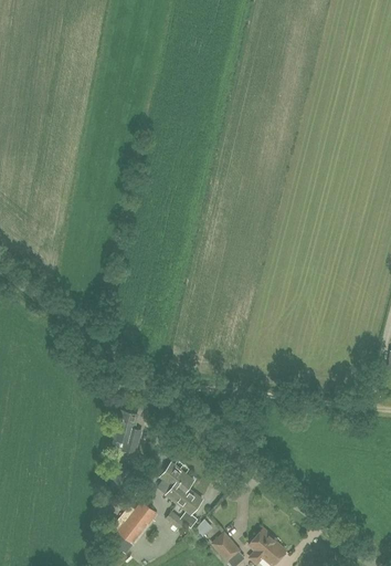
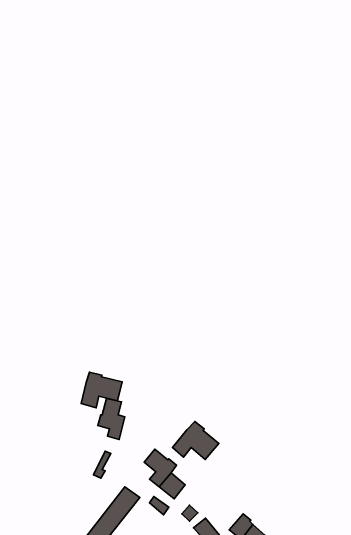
building: none -> [81,372,122,408]
building: none -> [172,421,219,460]

